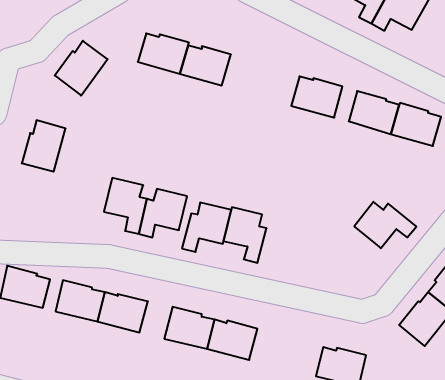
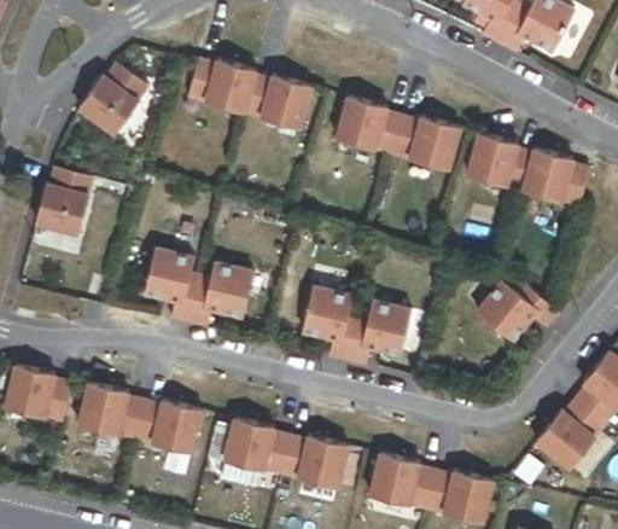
building: none -> [336,95,402,152]
building: [182,203,231,252] -> [346,300,412,365]
building: none -> [368,454,433,510]

